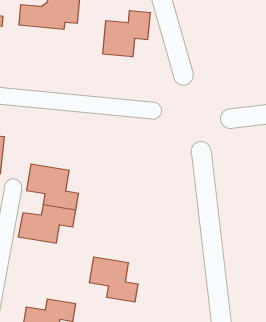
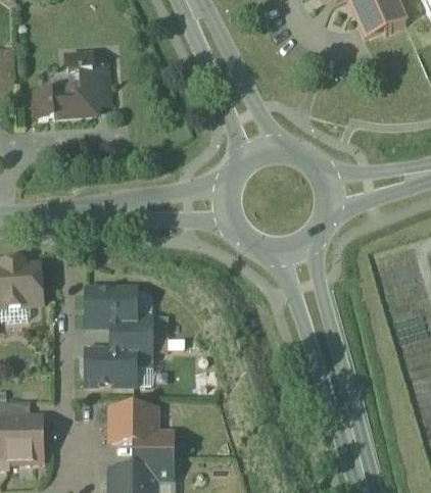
building: [103,10,150,57] -> none
building: [89,257,138,302] -> [109,406,171,453]

